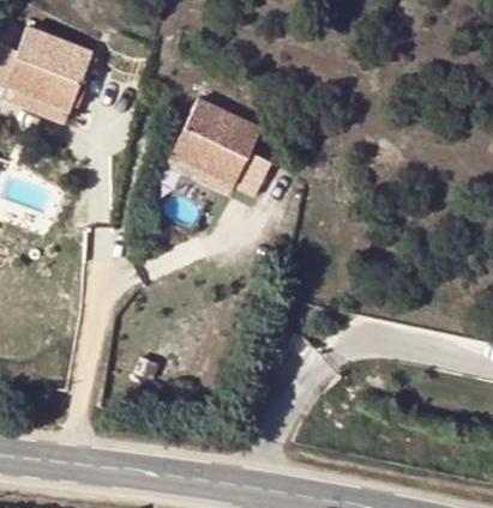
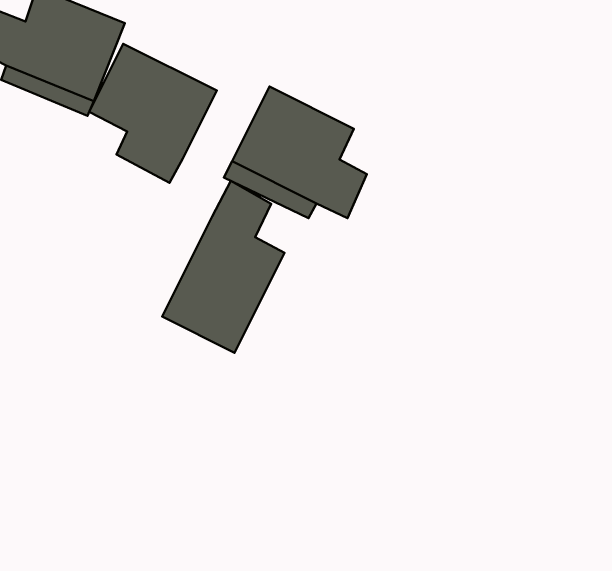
building: none -> [89,44,217,183]
building: none -> [162,181,285,353]

